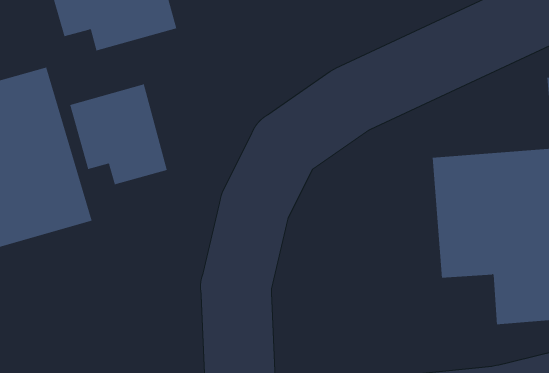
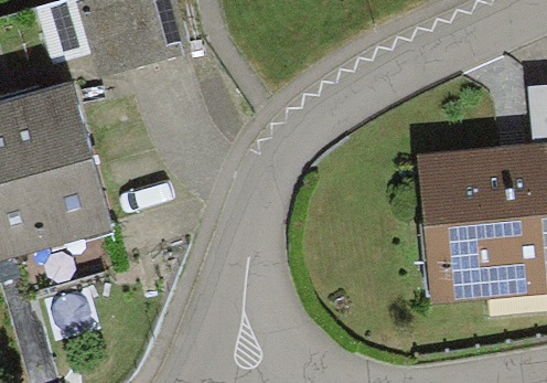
building: [70,84,167,185] -> none

